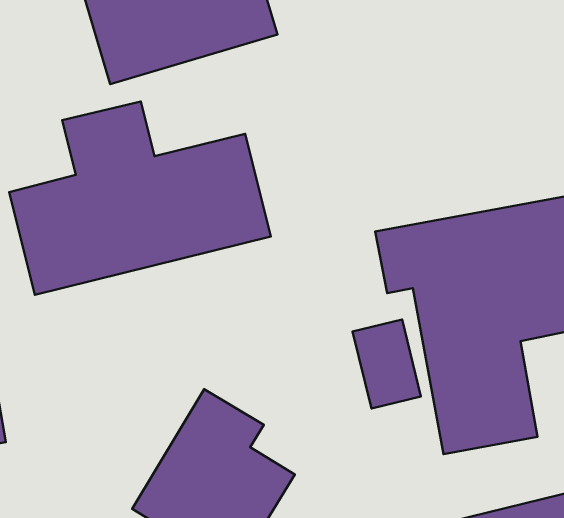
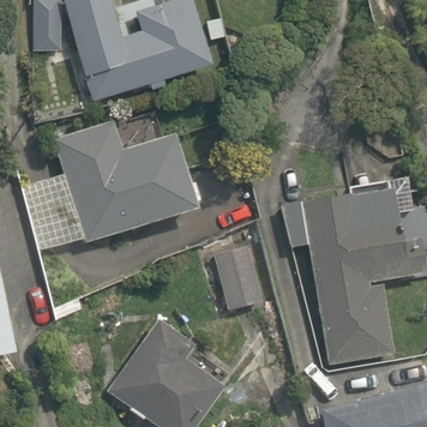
building: [353,319,421,409] -> [212,248,260,311]

